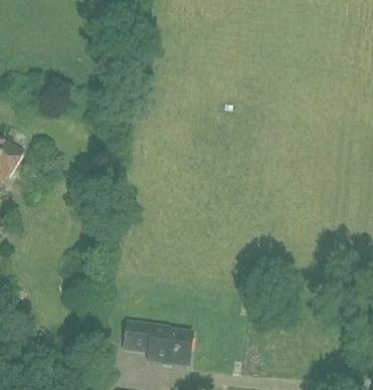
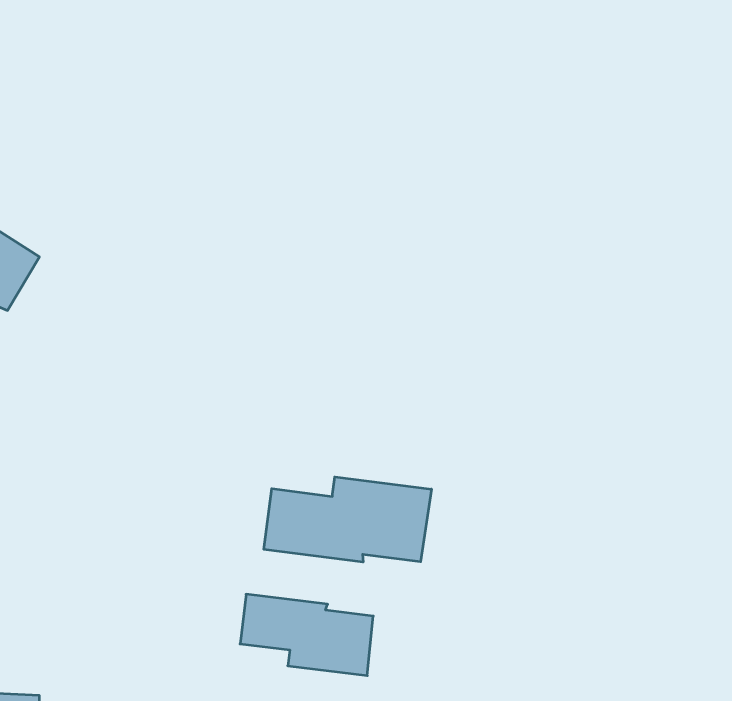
building: none -> [264,477,431,562]

